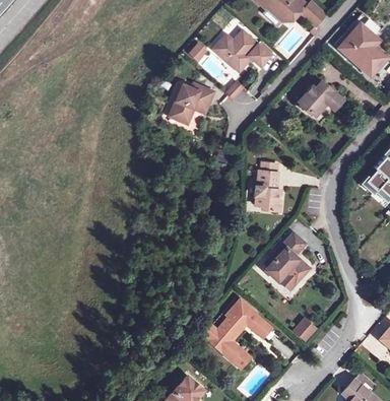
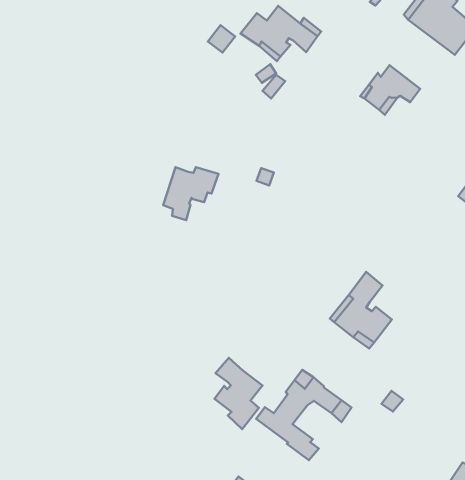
building: [172,84,214,124] -> [163,167,218,220]
building: [255,162,280,210] -> none
building: none -> [215,358,263,429]

